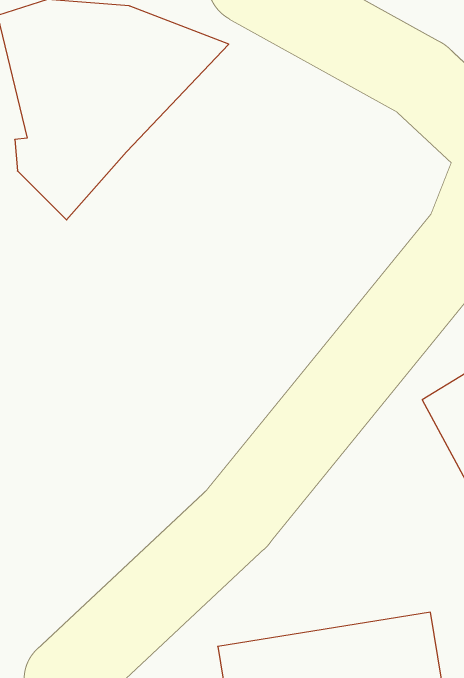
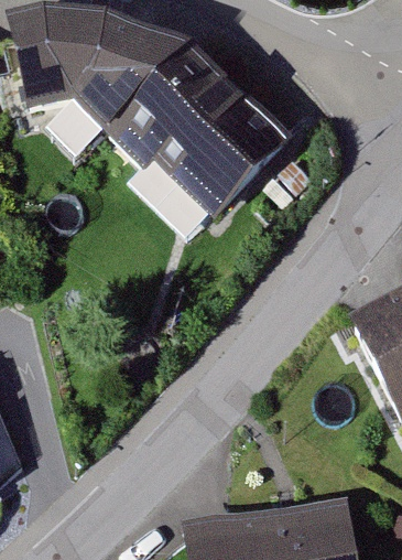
building: none -> [106,39,290,211]

